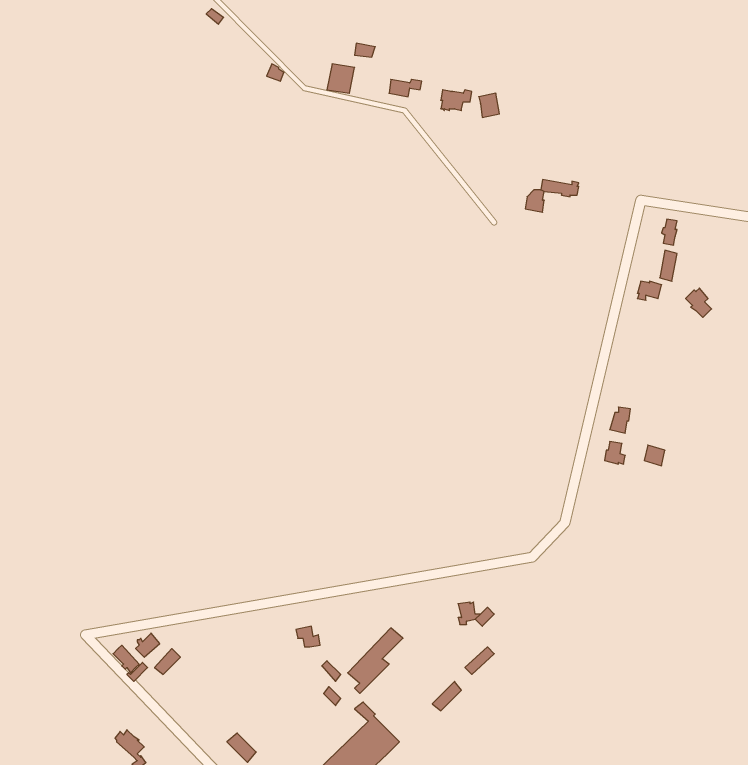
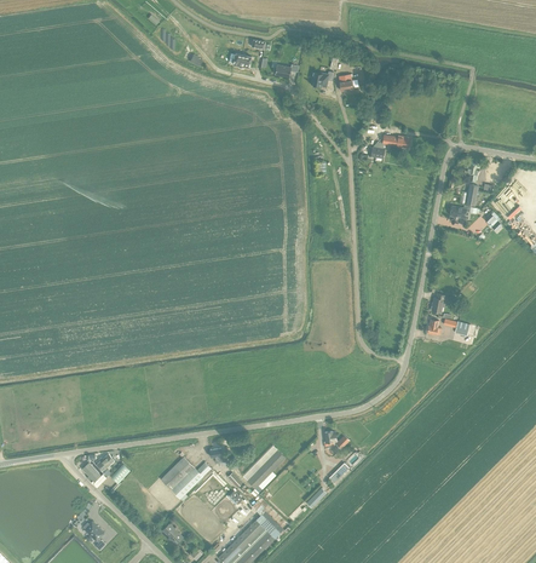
building: none -> [159,455,209,498]

